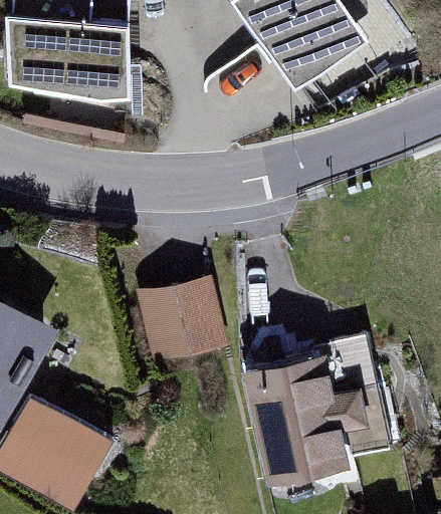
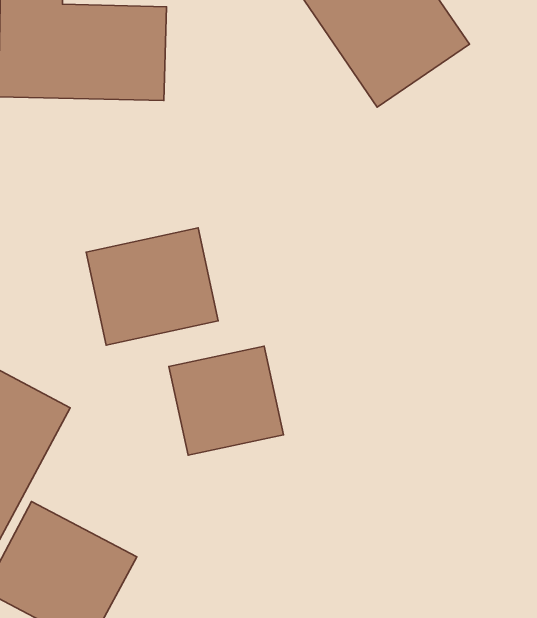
building: none -> [86,228,218,345]
building: [239,340,393,477] -> none

